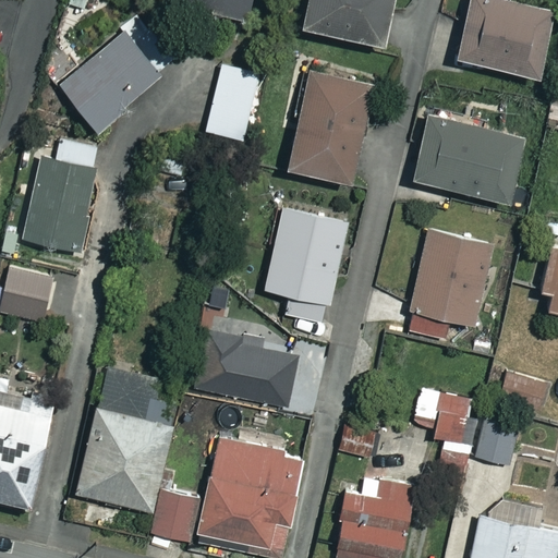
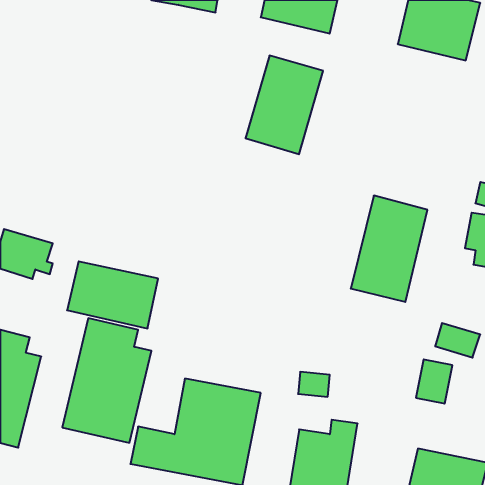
building: [61,19,179,130] -> none
building: [206,65,262,141] -> none
building: [414,113,519,198] -> none
building: [25,158,95,252] -> none
building: [264,207,348,325] -> none
building: [197,332,301,409] -> [67,261,158,328]
building: [414,384,470,454] -> none

